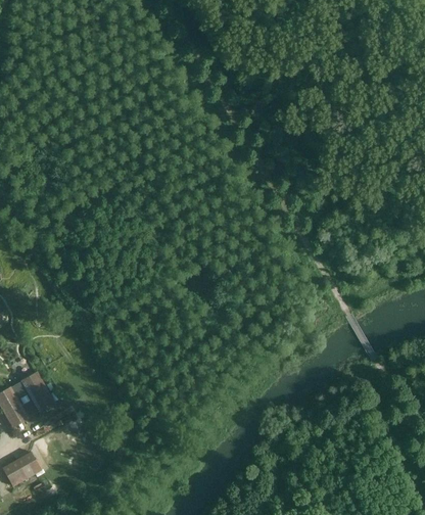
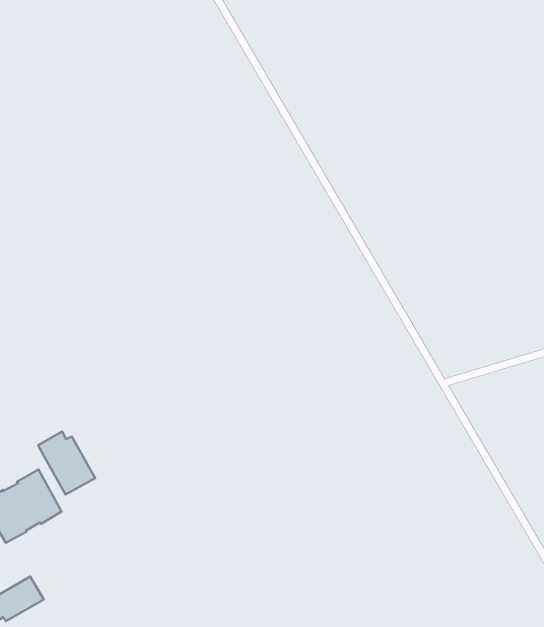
building: none -> [38,431,95,494]

